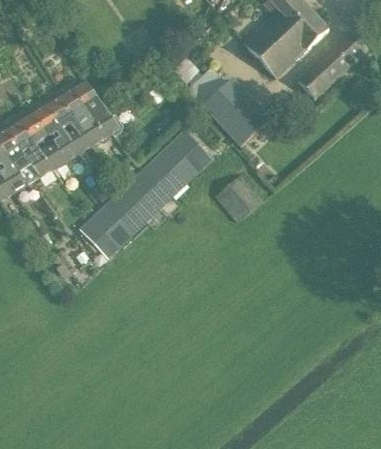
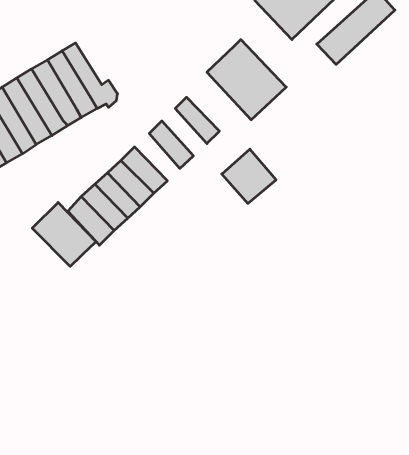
building: [161,138,201,180] -> none
building: [137,160,177,202] -> none
building: none -> [32,202,96,266]

